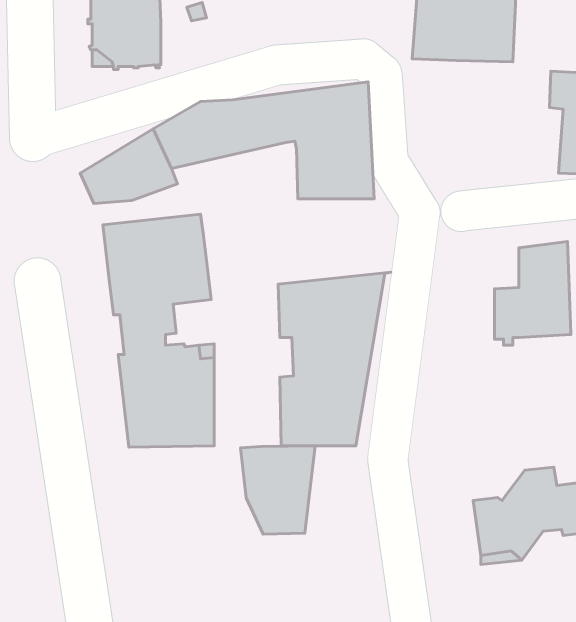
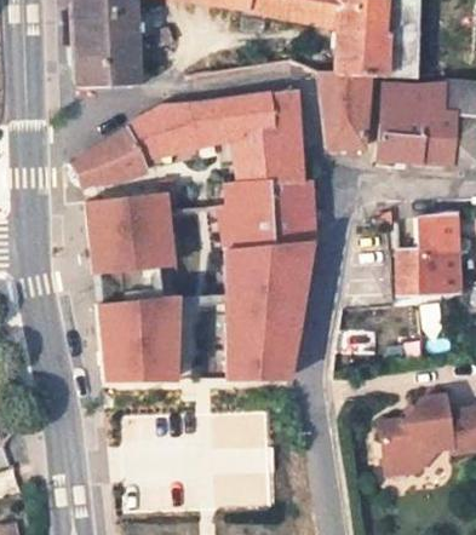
building: none -> [320,70,368,144]
building: none -> [377,81,453,162]
building: none -> [219,182,316,251]
building: [241,446,315,534] -> none

